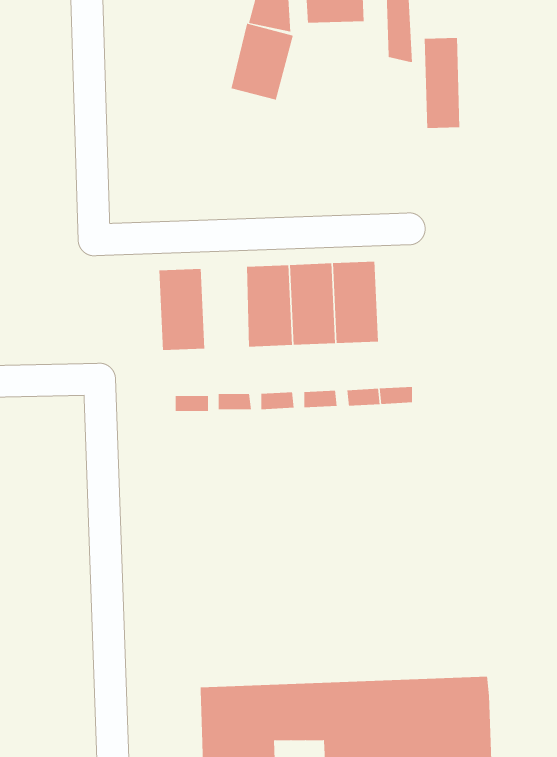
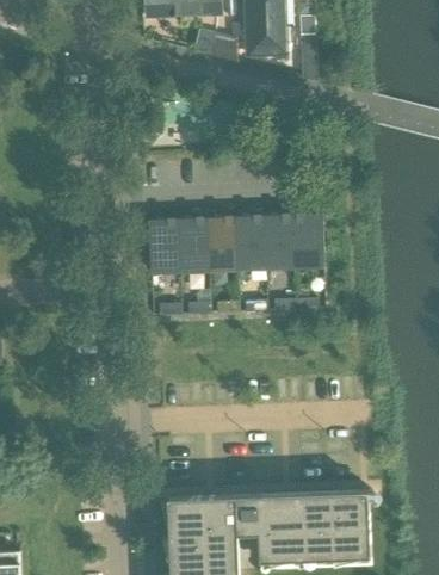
building: [231,23,294,101] -> none
building: [424,37,460,129] -> none
building: none -> [291,212,322,267]
building: none -> [175,217,206,272]

